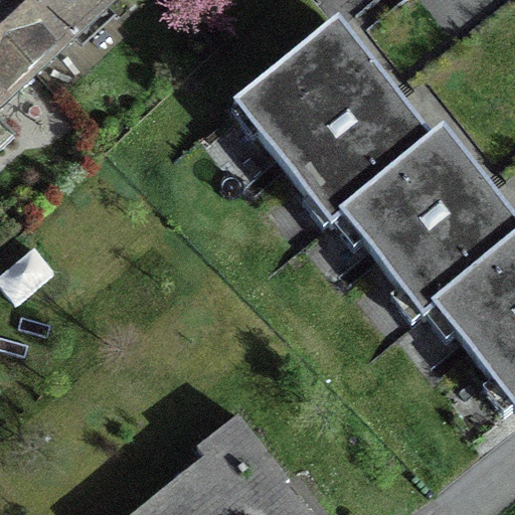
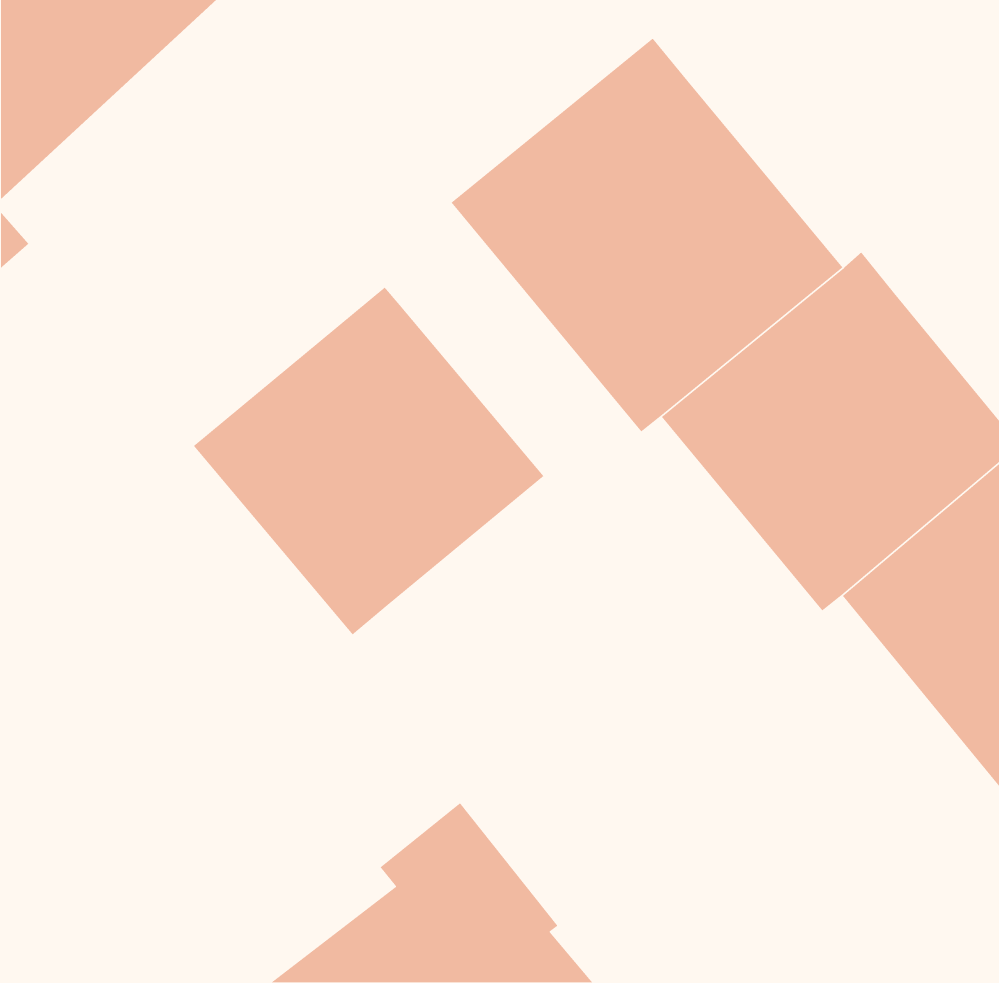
building: none -> [193,287,544,636]

